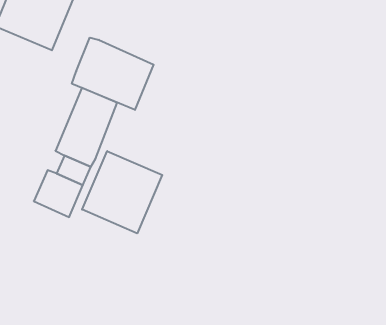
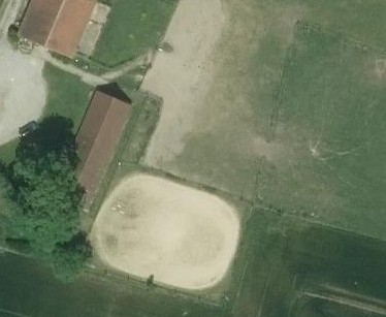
building: [72,38,154,110] -> none
building: [82,151,162,233] -> none

